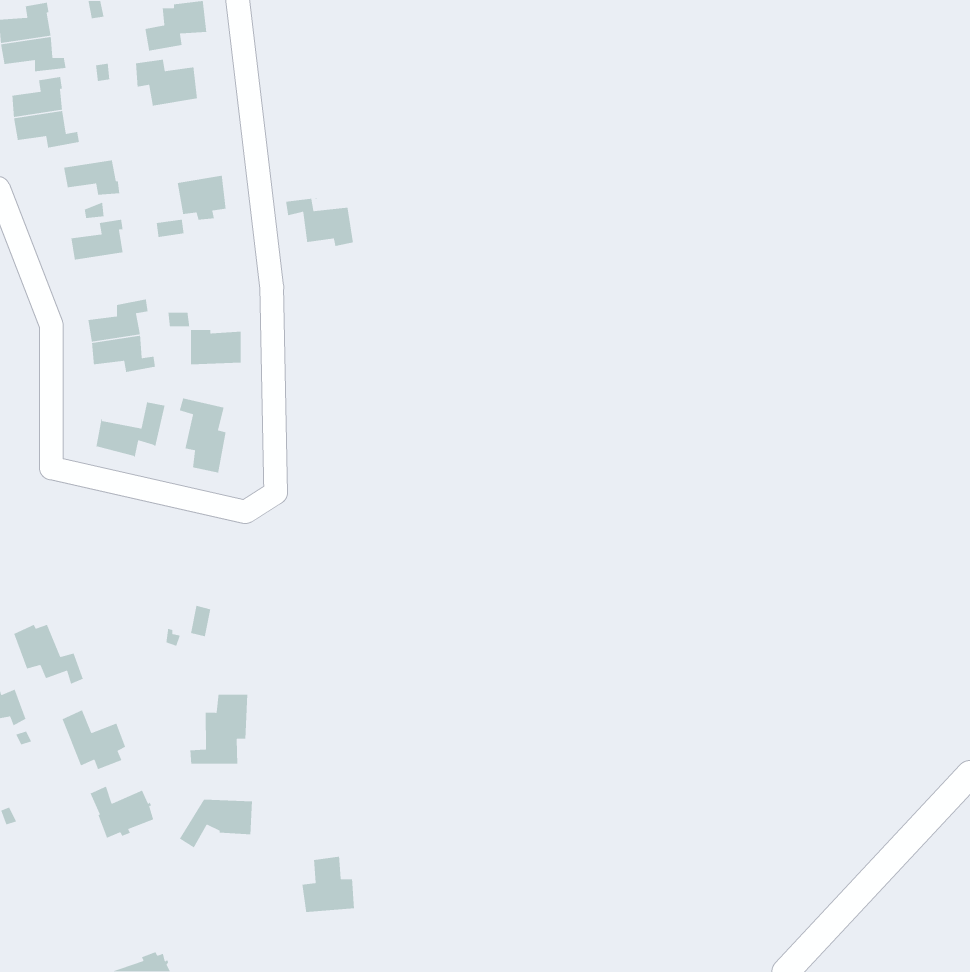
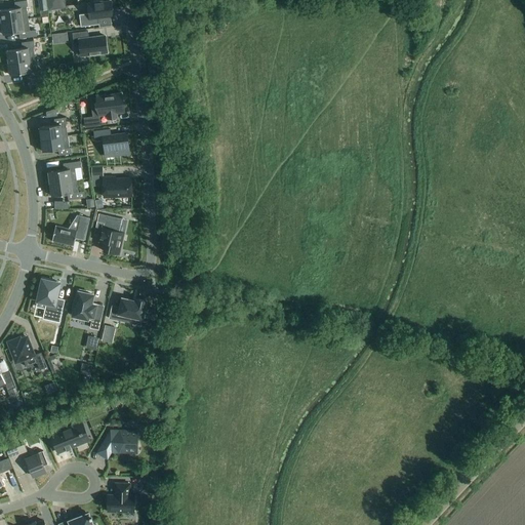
building: [63,160,120,196] -> [40,136,71,156]
building: [286,197,354,247] -> [92,129,129,156]
building: none -> [36,280,64,323]
building: none -> [72,290,100,330]
building: none -> [108,298,146,323]
building: [190,694,248,764] -> none
building: [62,709,126,770] -> [12,444,47,477]
building: [302,856,355,913] -> [106,481,134,512]

